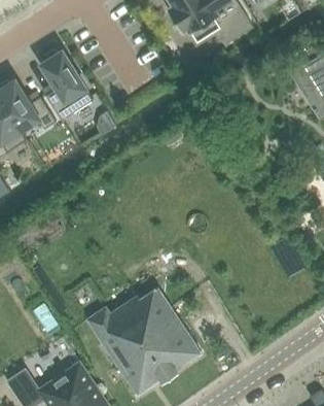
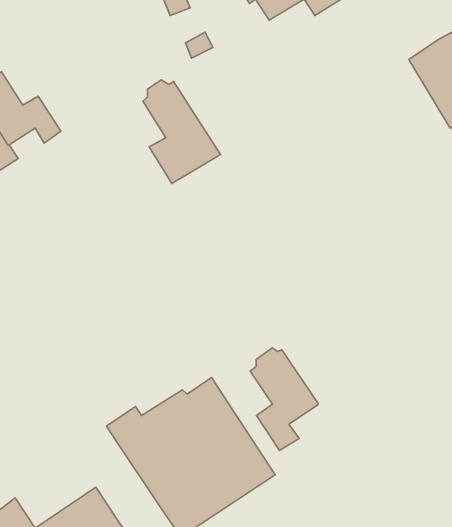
building: [41,49,94,120] -> [143,80,220,183]
building: none -> [250,348,318,450]

